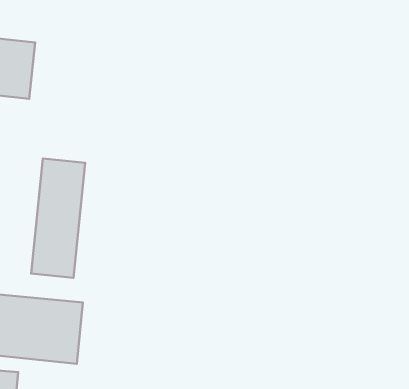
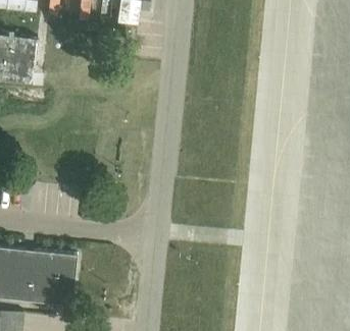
building: [31,158,85,278] -> none

